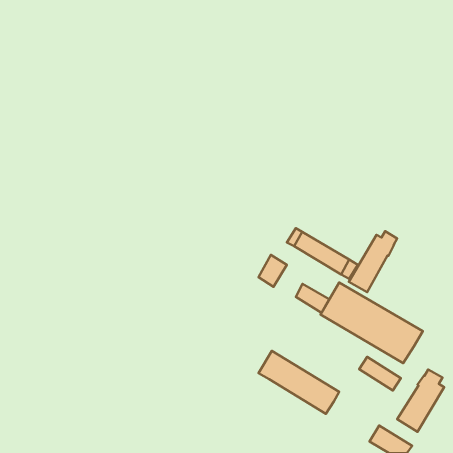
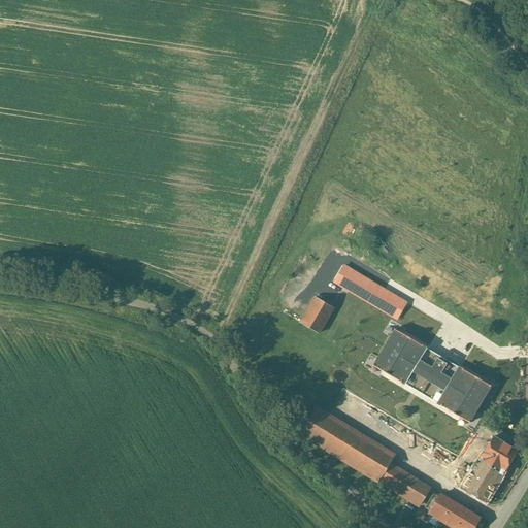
building: [349,231,397,292] -> none
building: [296,284,329,313] -> none
building: [359,357,401,391] -> [380,466,428,505]

